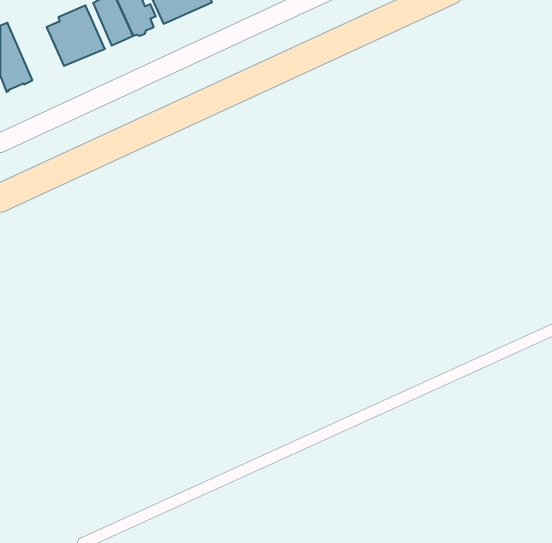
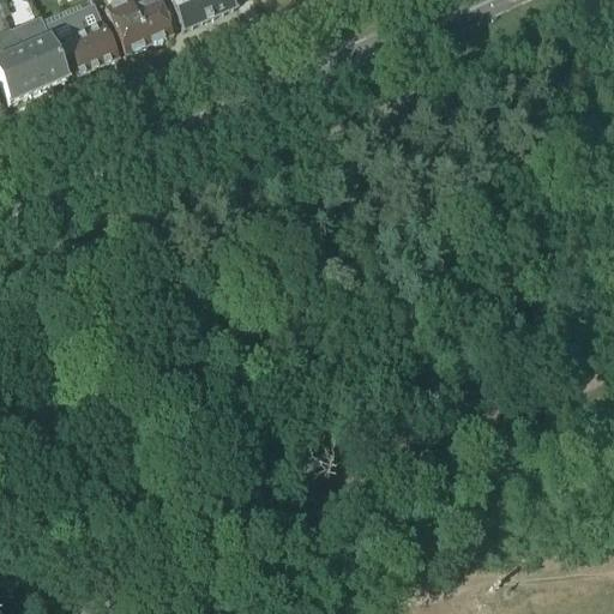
building: none -> [10,12,67,89]

